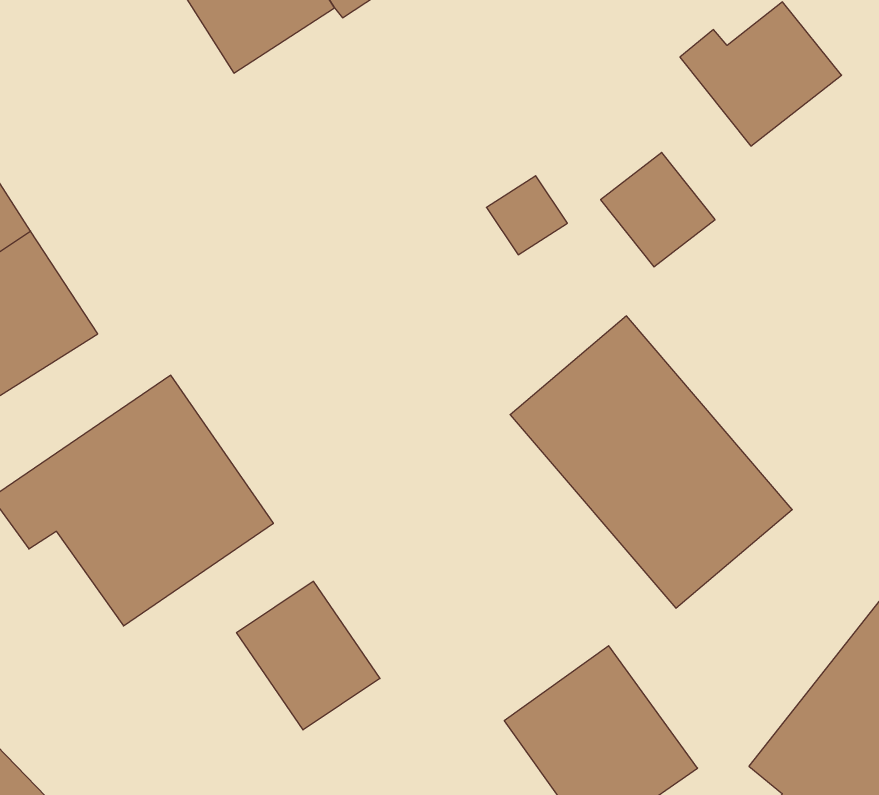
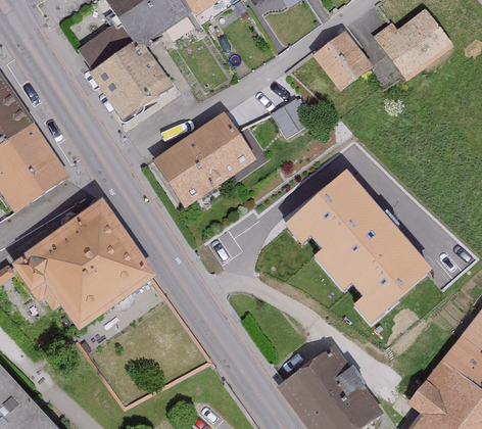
building: none -> [77,21,170,122]
building: [601,152,715,267] -> [314,33,373,92]
building: none -> [157,114,260,210]
building: [237,581,380,730] -> none

